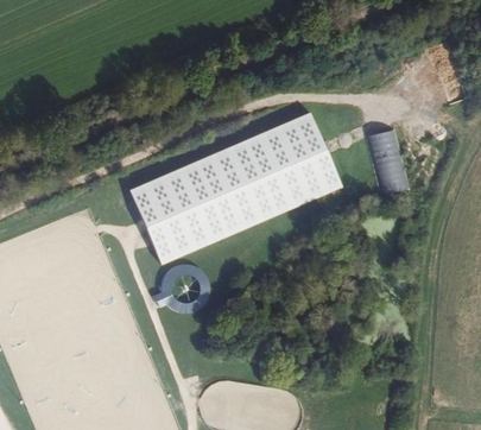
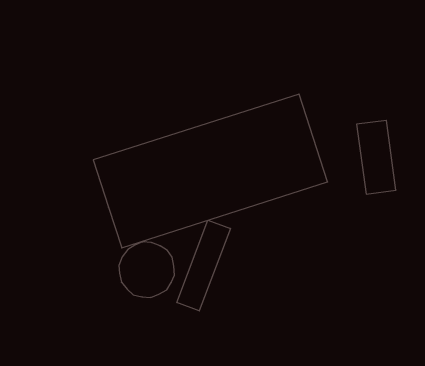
building: none -> [177,220,230,311]

